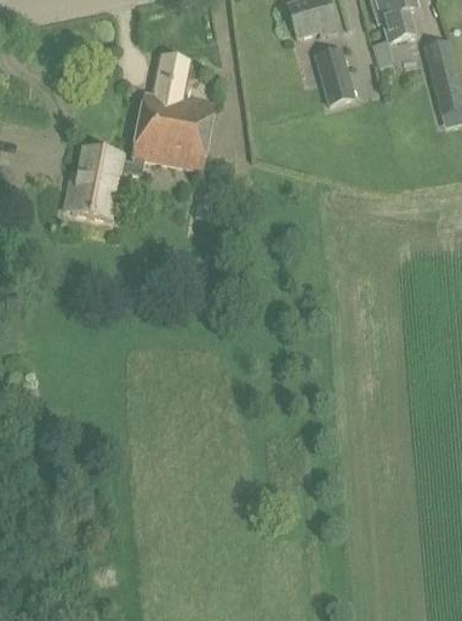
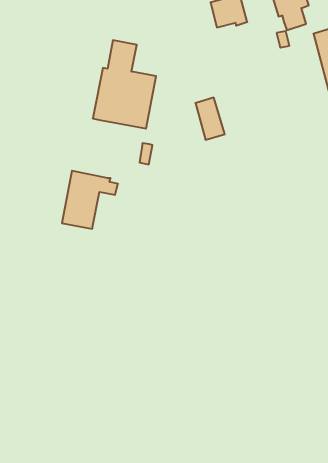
building: [314,46,353,102] -> [195,98,225,140]
building: [68,142,142,218] -> [62,171,118,229]

